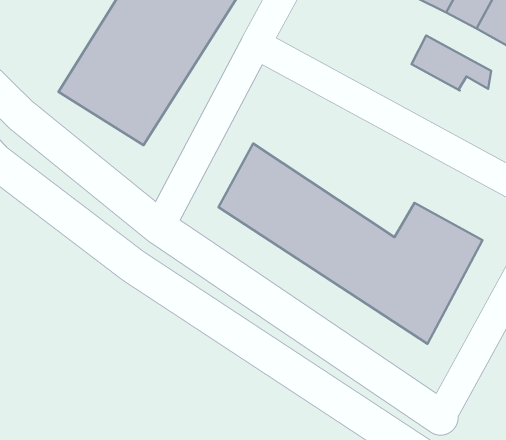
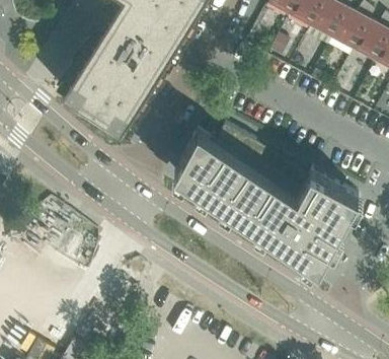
building: [412,35,491,91] -> none

